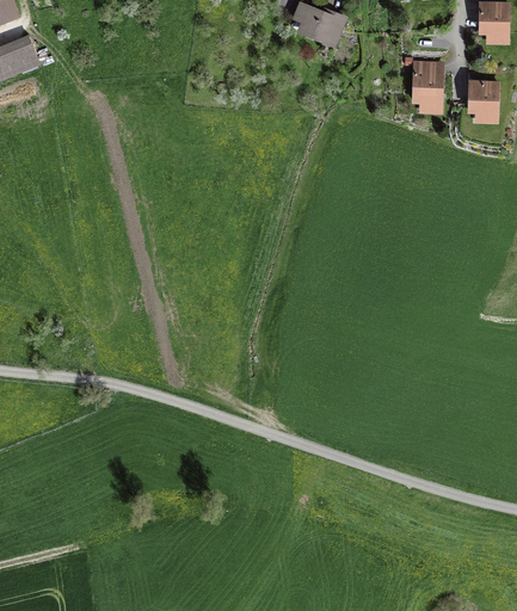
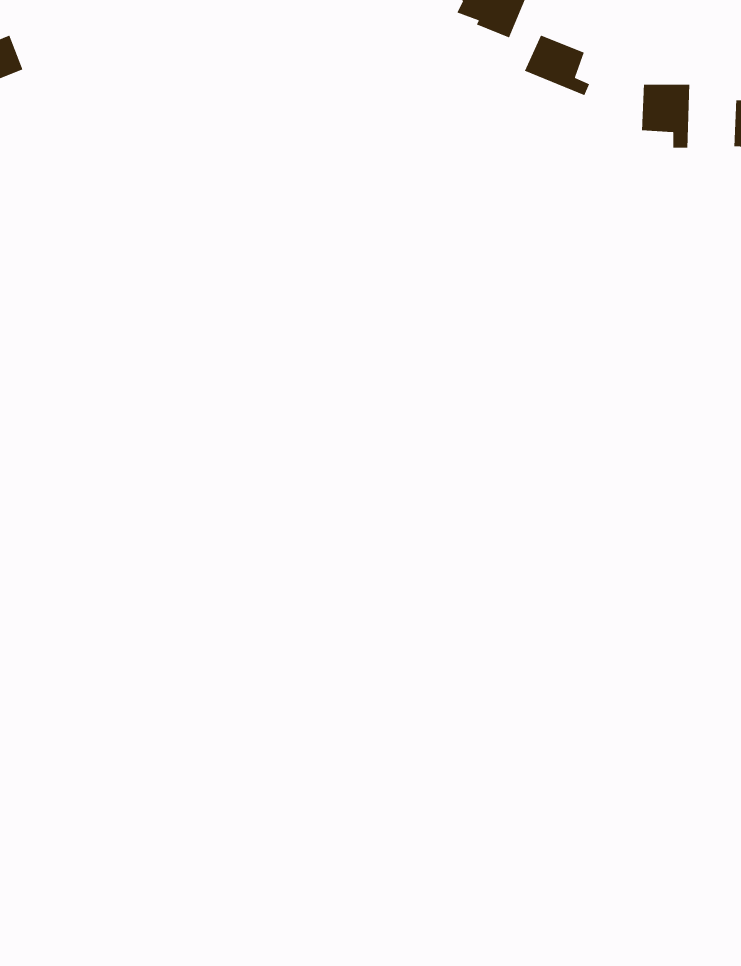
building: none -> [524,34,590,96]

